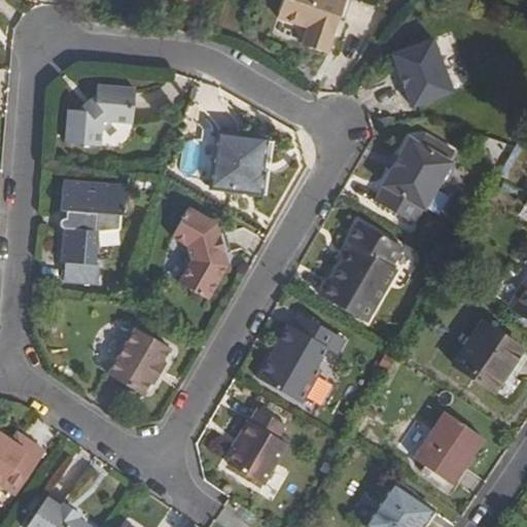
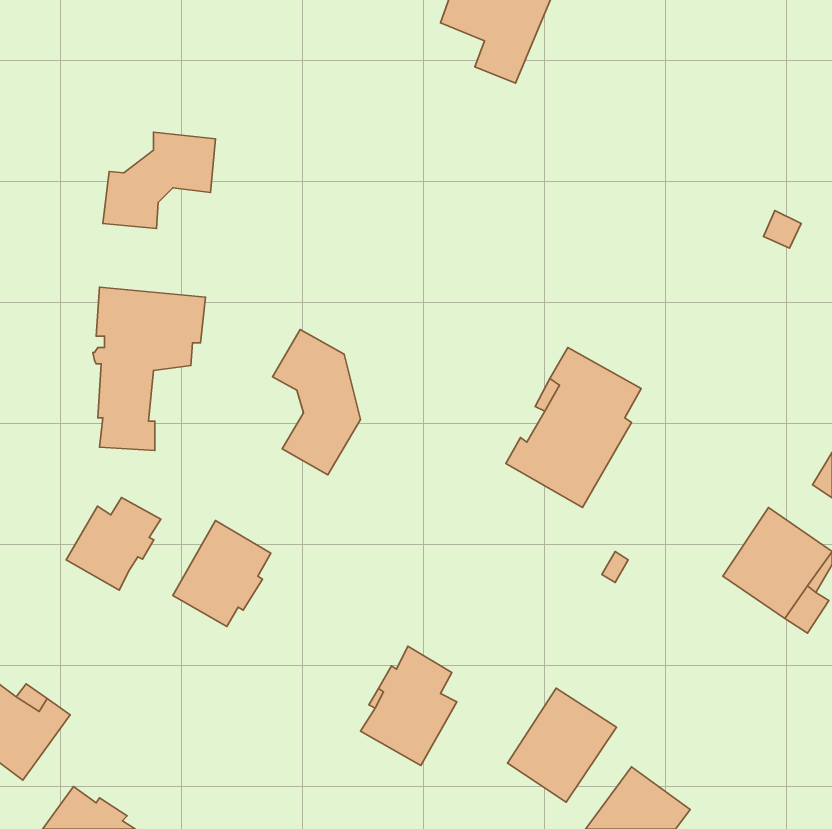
building: [391,38,453,106] -> none
building: [209,131,268,196] -> none
building: [377,136,455,220] -> none
building: [257,313,346,402] -> none
building: none -> [66,498,161,590]
building: [416,412,485,484] -> [507,688,617,802]

